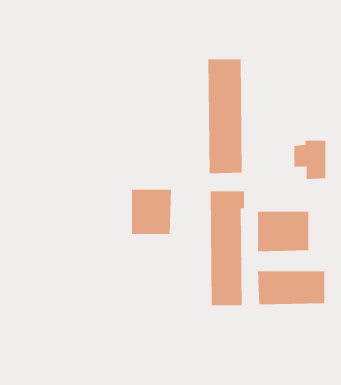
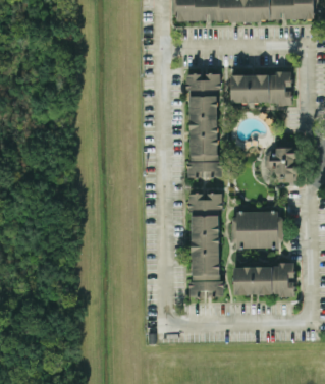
building: none -> [231,73,291,104]
building: [131,189,171,235] -> none

